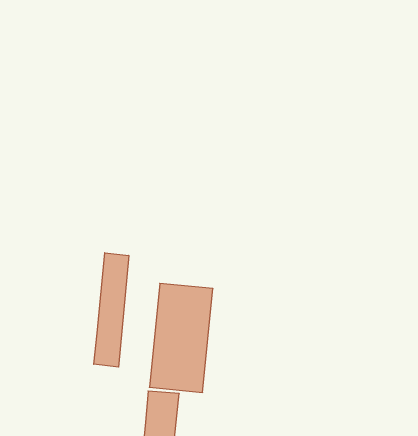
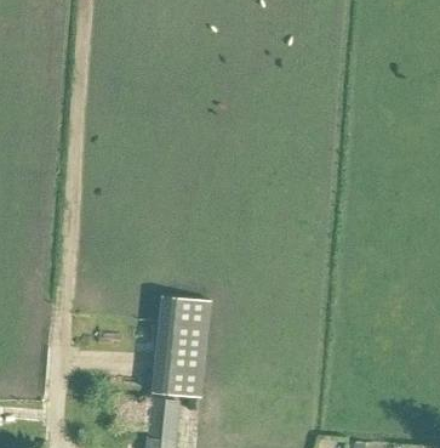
building: [94,253,129,367] -> none

